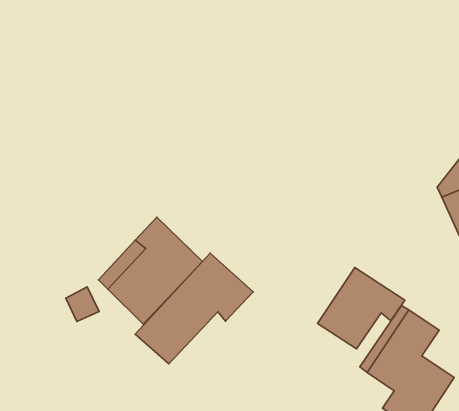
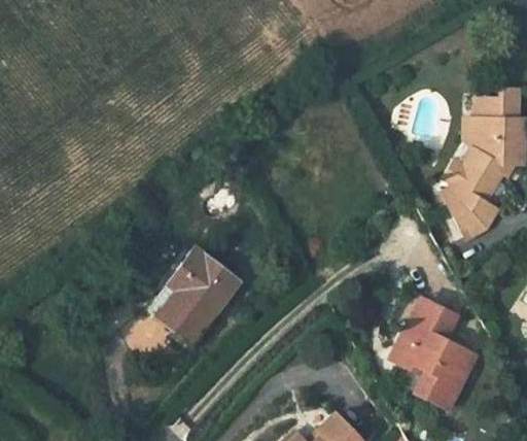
building: [135,253,253,364] -> none
building: [318,268,405,349] -> none

